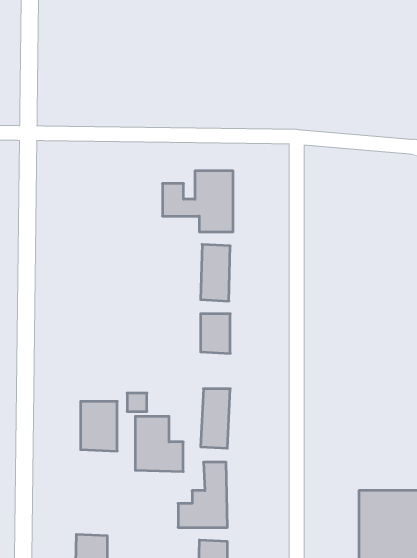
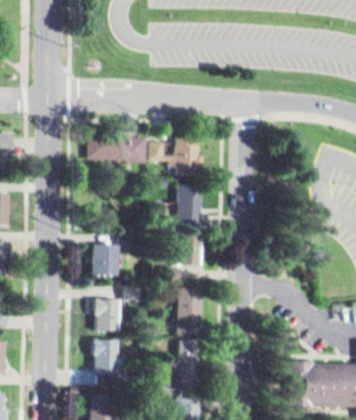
building: none -> [86,132,149,163]
building: none -> [91,243,116,274]
building: [135,416,183,472] -> [92,340,126,379]

